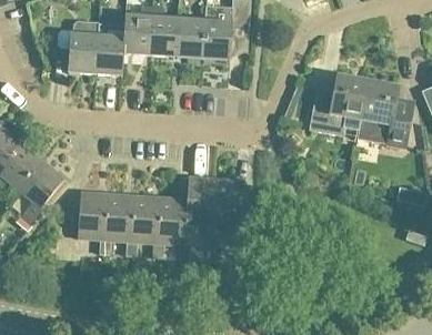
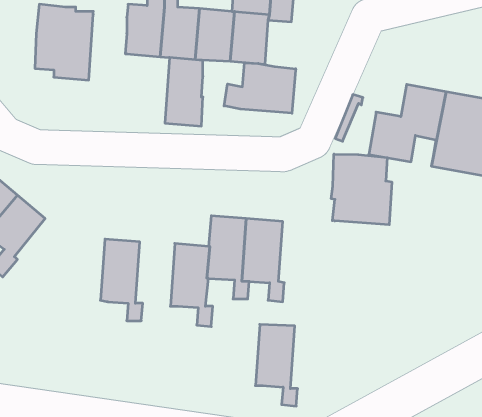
building: [96,23,124,75] -> [165,57,203,126]
building: none -> [224,63,296,113]
building: none -> [331,154,392,225]
building: [77,192,110,254] -> none
building: [131,196,163,258] -> [255,324,298,406]

